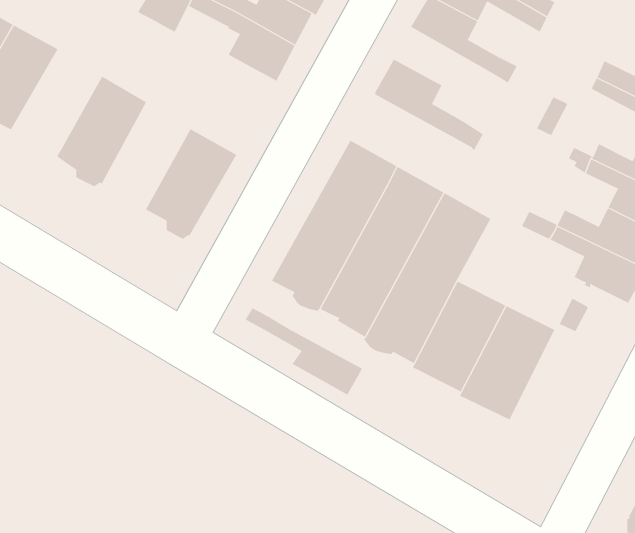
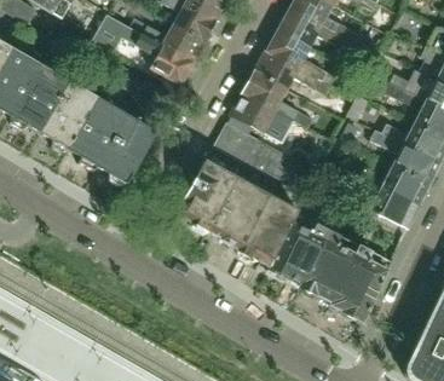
building: none -> [255,48,329,93]
building: none -> [10,63,68,132]
building: none -> [231,92,317,140]
building: none -> [68,97,125,169]
building: [245,307,363,395] -> none
building: none -> [329,243,392,321]

